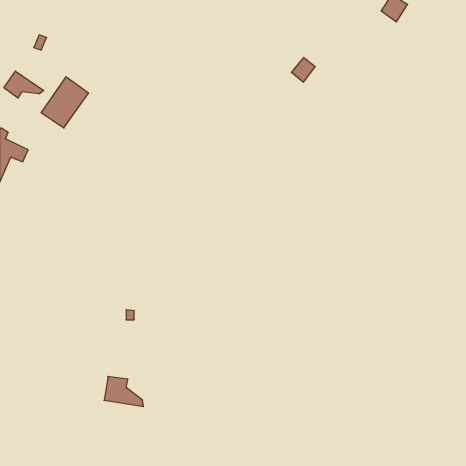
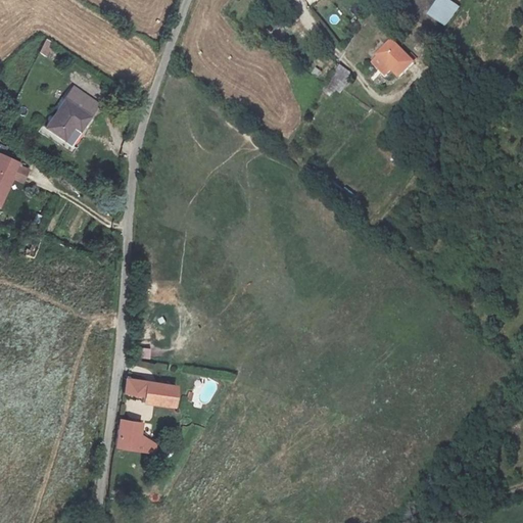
building: none -> [370,38,412,75]
building: [4,71,44,98] -> none
building: none -> [126,378,178,407]

